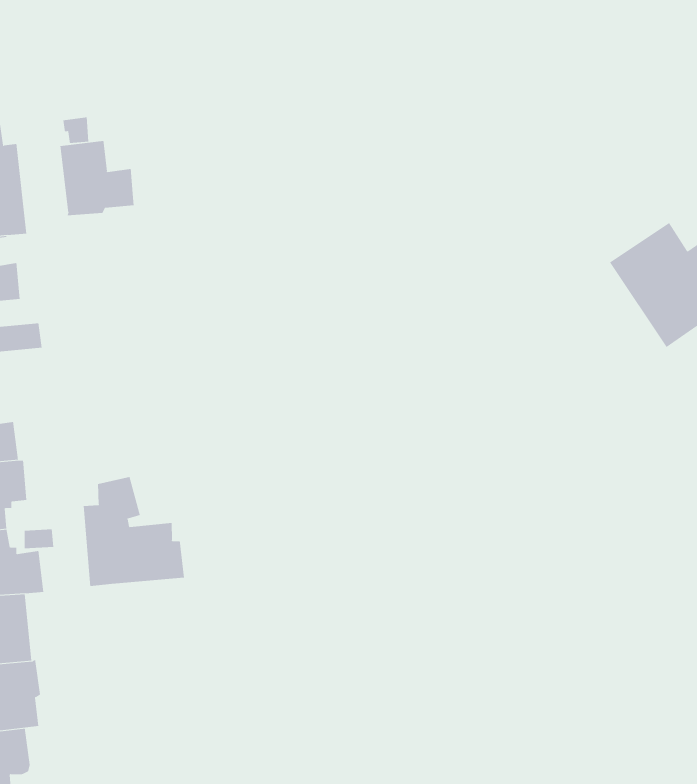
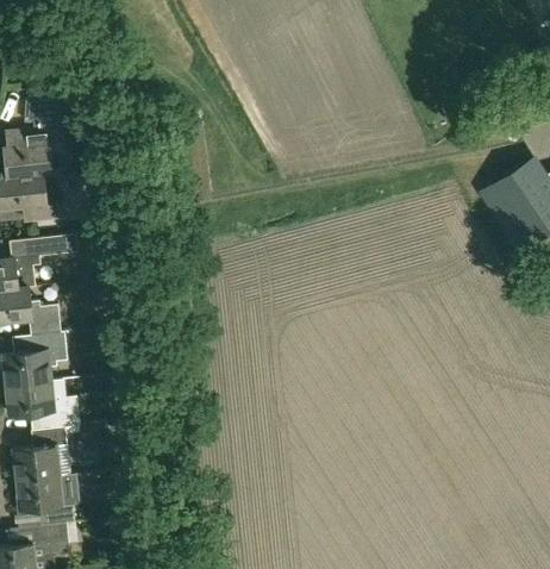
building: [60,140,134,216] -> none
building: [83,476,199,587] -> none

